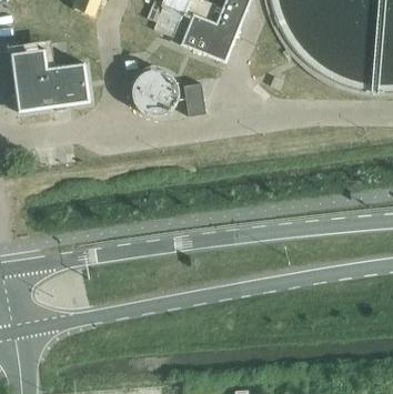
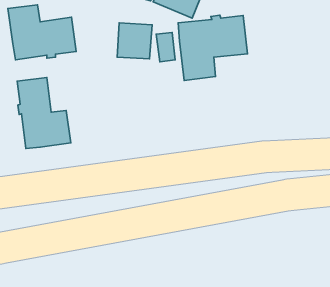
building: none -> [178,15,247,81]
building: none -> [17,77,71,148]

